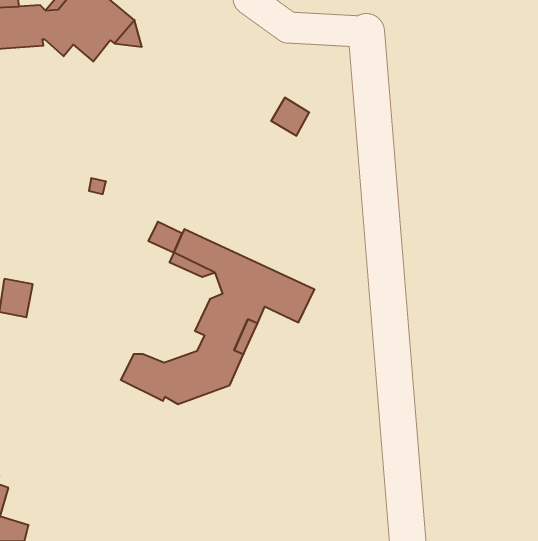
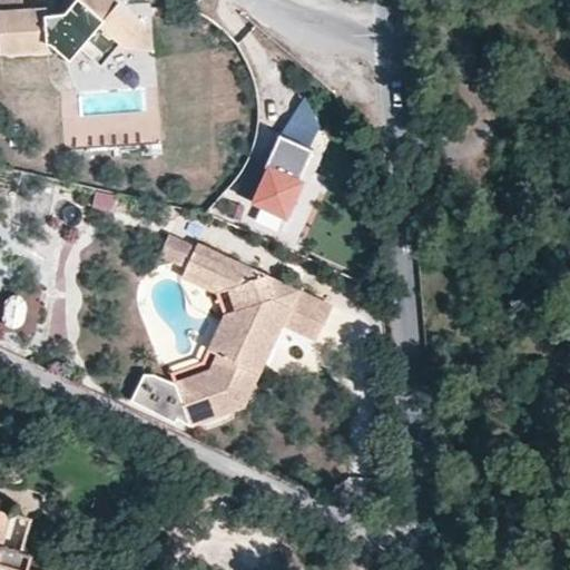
building: none -> [253,141,313,218]

